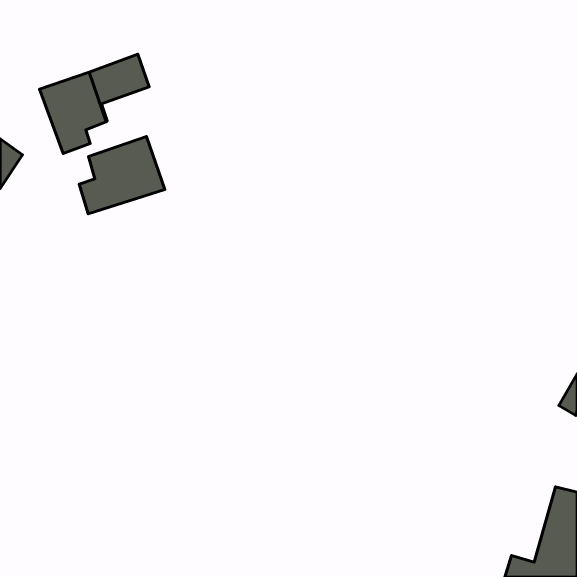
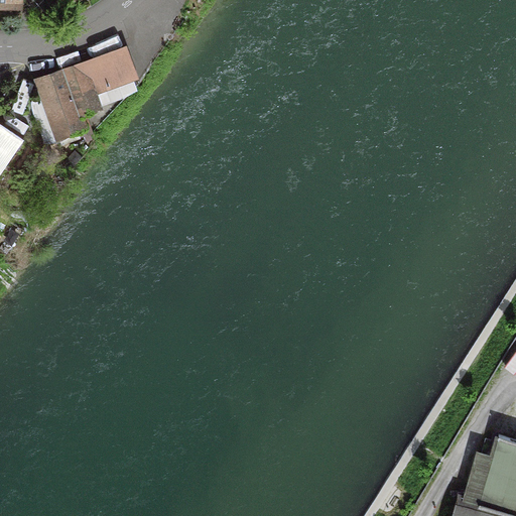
building: [79,137,165,214] -> none

